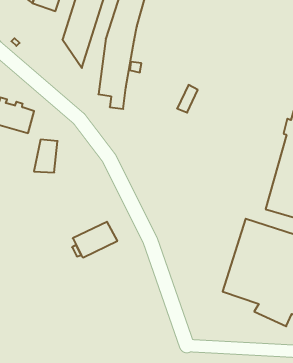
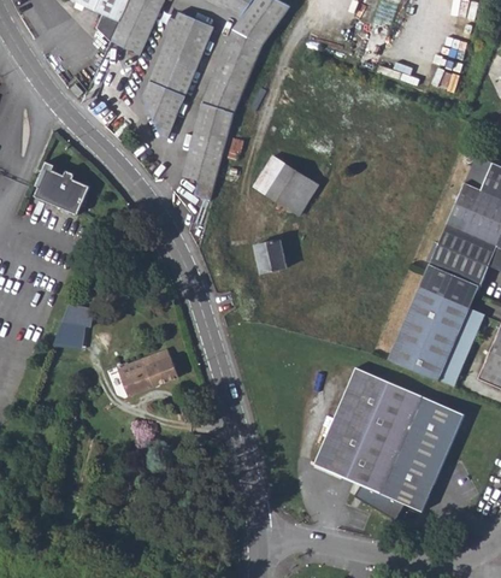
building: none -> [254,158,303,207]
building: none -> [257,241,285,275]
building: [34,140,58,172] -> [55,303,93,350]

